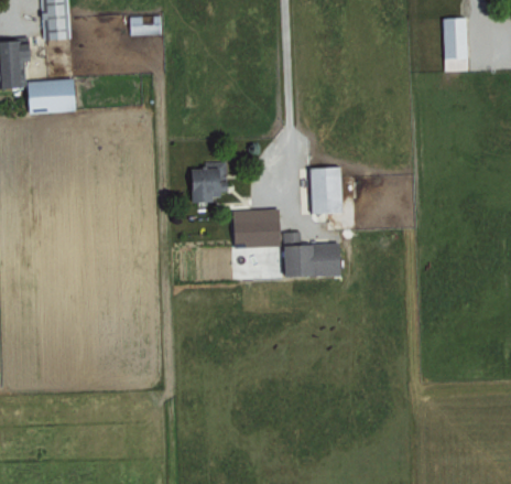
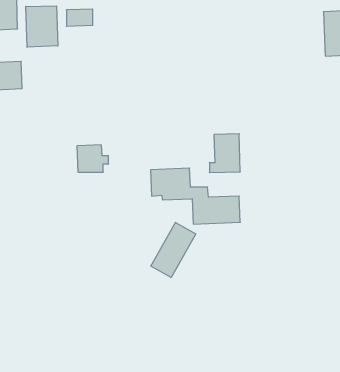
building: none -> [26,6,58,47]
building: [189,168,228,201] -> [77,145,109,172]
building: none -> [151,222,196,278]

